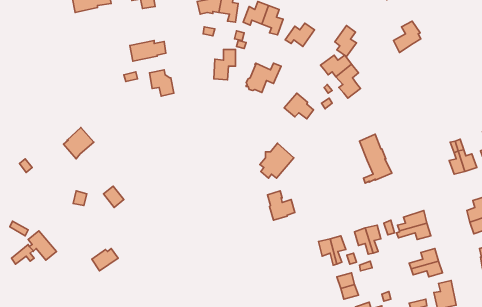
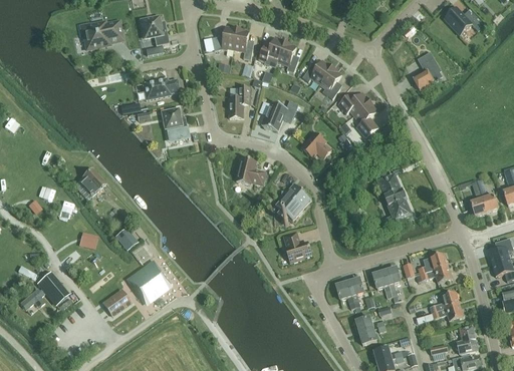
building: [335,25,356,57] -> [320,66,342,98]
building: none -> [236,157,266,184]
building: none -> [135,266,165,297]

